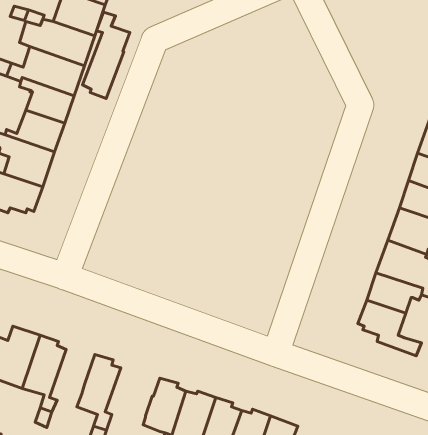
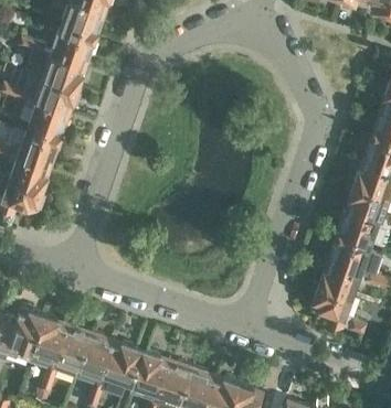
building: [83,12,130,98] -> none
building: none -> [51,325,89,375]
building: none -> [98,342,138,390]

